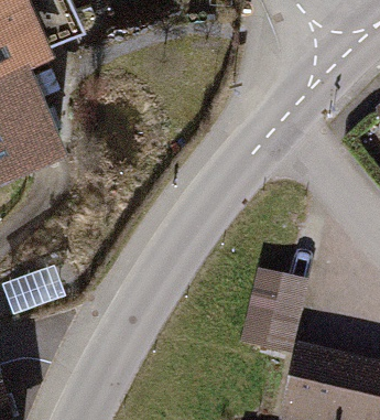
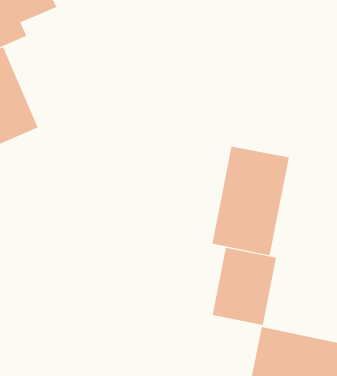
building: none -> [212,146,290,256]

